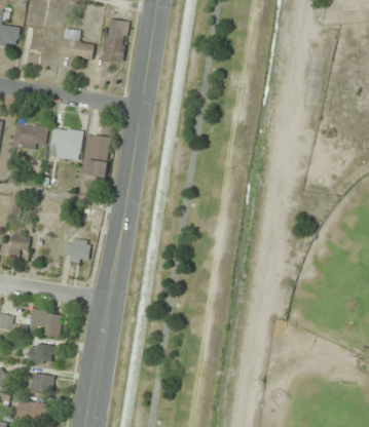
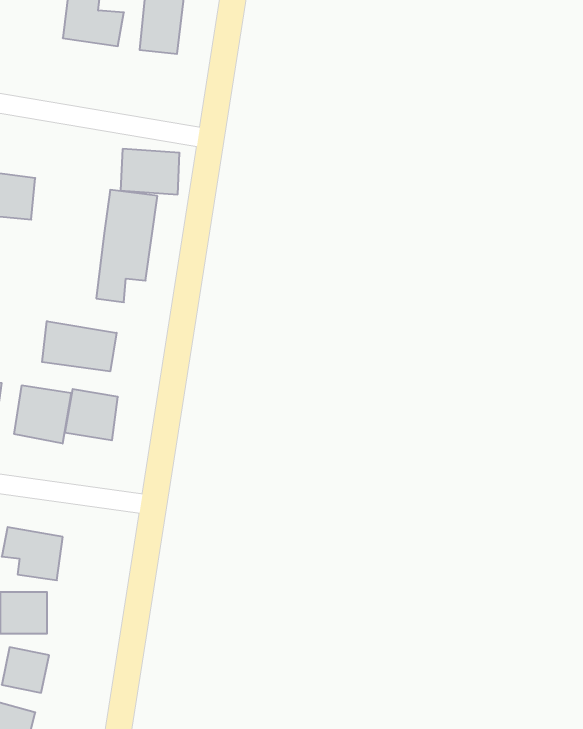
building: [50,128,81,152] -> [121,149,180,194]
building: none -> [42,321,117,371]
building: none -> [14,385,71,444]

